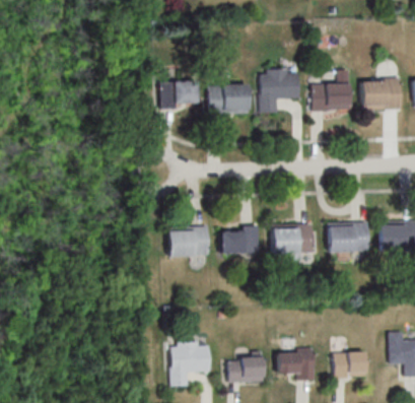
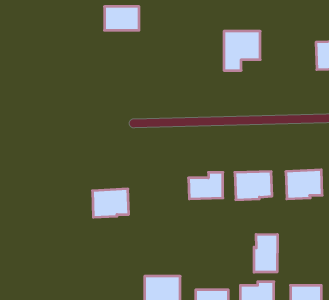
building: [160,81,199,108] -> [104,7,139,30]
building: [208,83,249,113] -> none
building: [312,84,349,113] -> none
building: [167,226,208,258] -> [92,189,129,217]
building: none -> [254,234,277,272]

